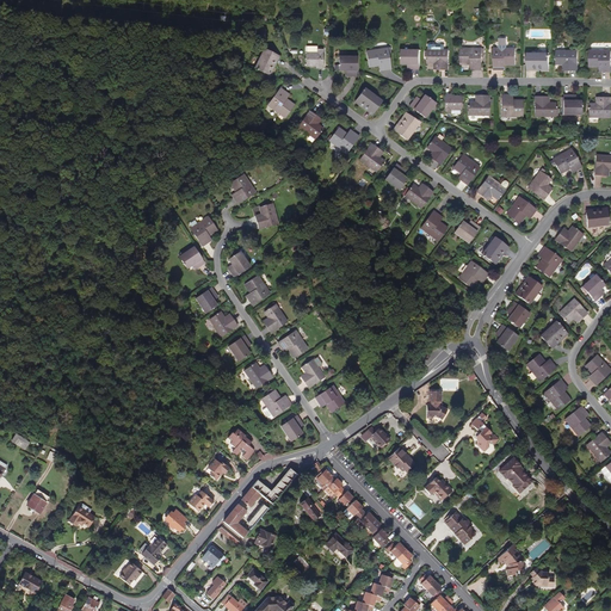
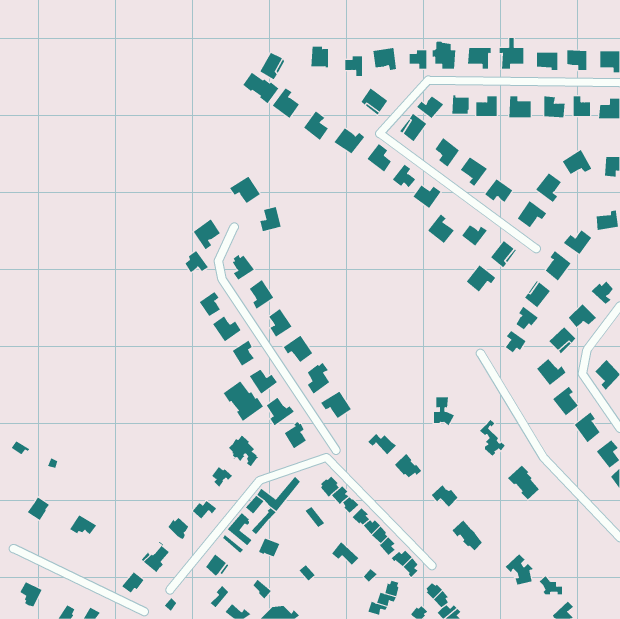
building: none -> [243,72,279,104]
building: none -> [223,380,264,422]

